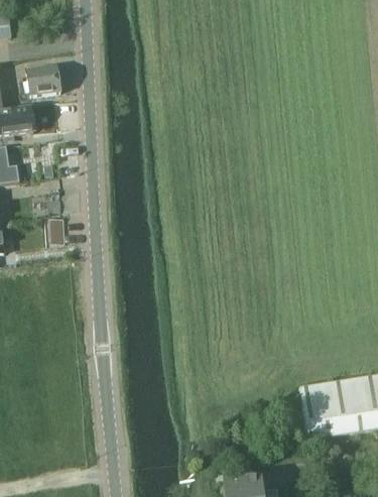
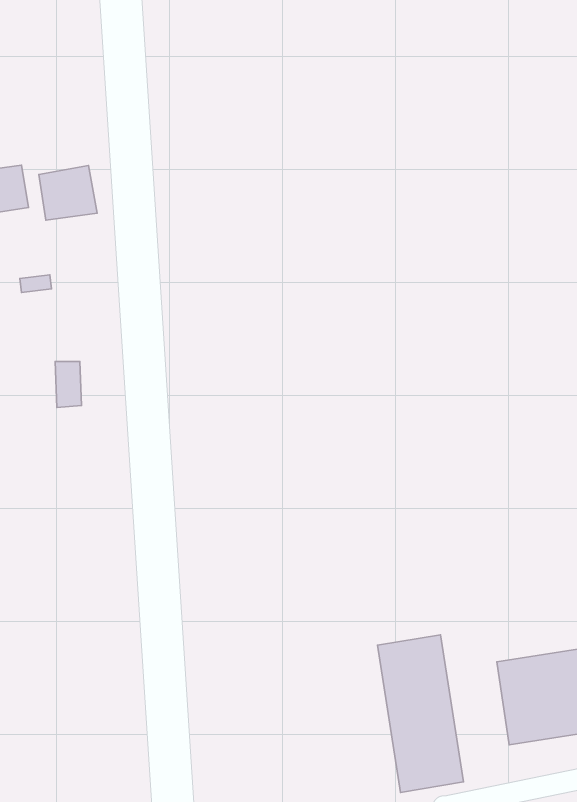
building: [26,64,59,95] -> [39,166,97,220]
building: none -> [377,635,464,792]

